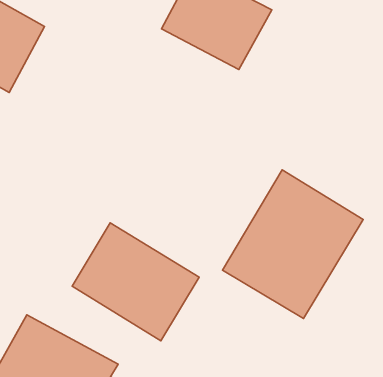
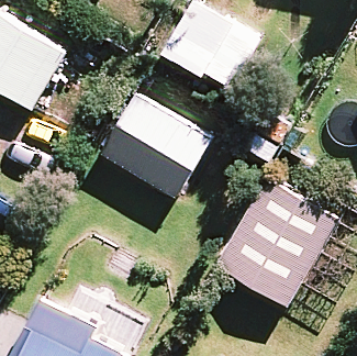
building: [72,223,199,341] -> [102,94,212,197]

